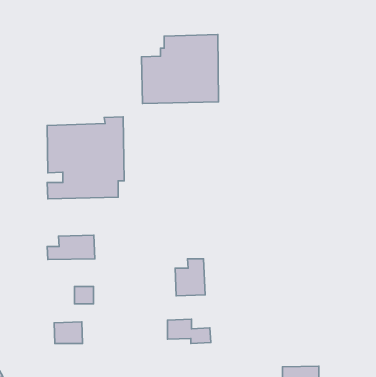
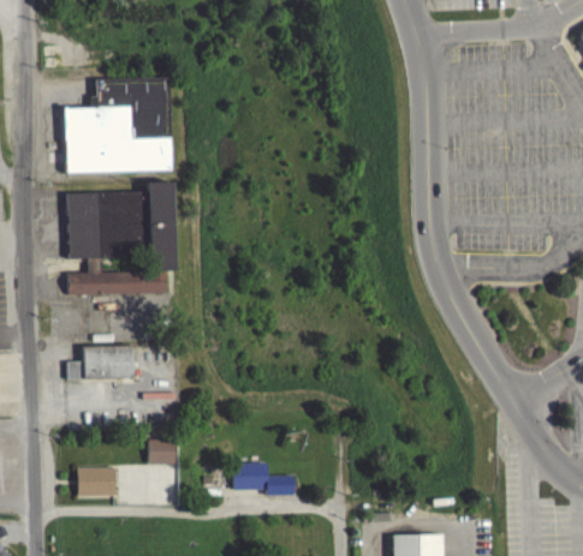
building: [141,34,219,104] -> [64,78,171,174]
building: [175,259,205,296] -> none
building: [75,286,94,304] -> [148,441,174,465]

